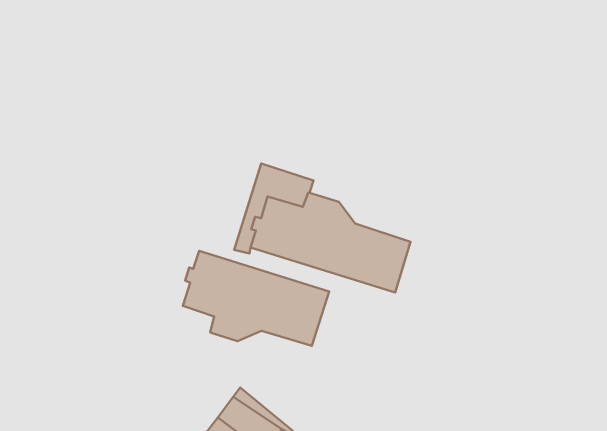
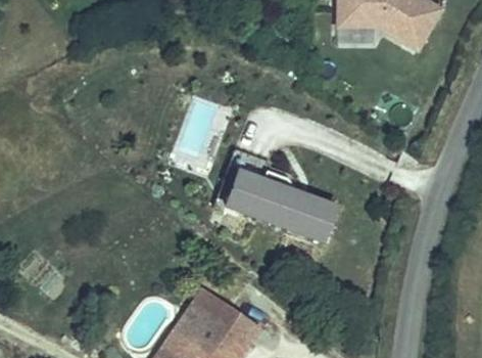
building: [183,251,329,346] -> none

